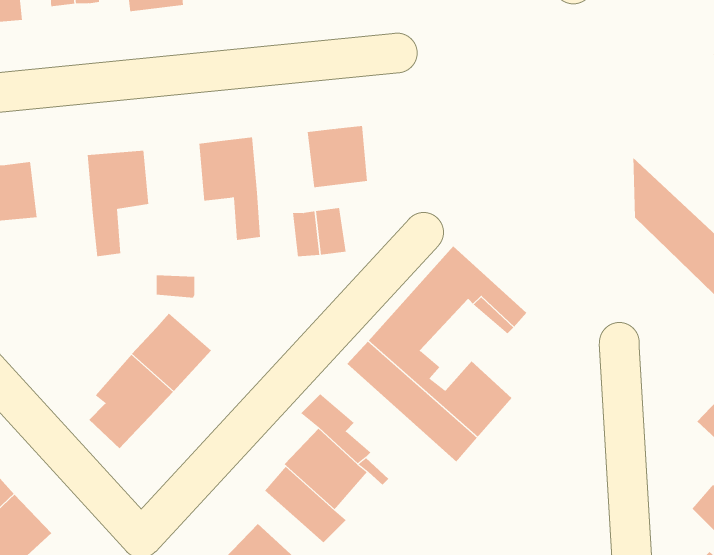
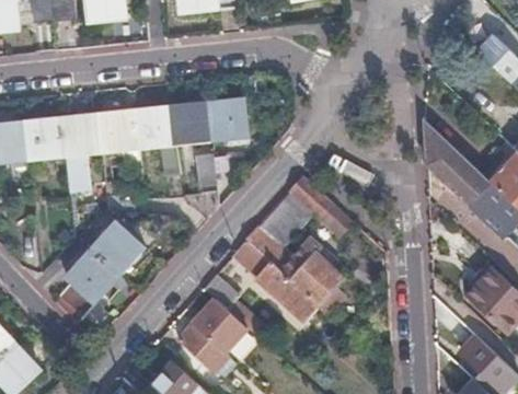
building: none -> [170,102,210,142]
building: none -> [97,109,137,150]
building: none -> [22,117,62,159]

